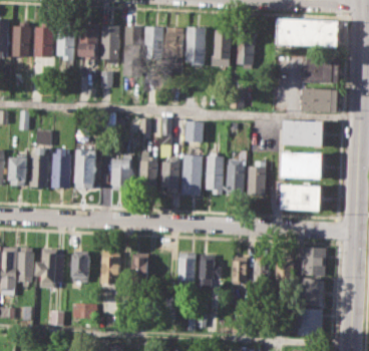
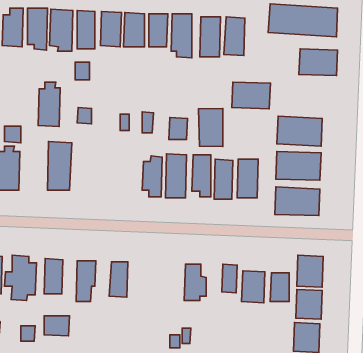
building: [302,88,337,112] -> [232,82,270,109]
building: none -> [198,109,223,146]
building: [51,147,71,188] -> [38,82,60,126]
building: [140,151,157,188] -> none
building: [111,154,130,189] -> none
building: [177,254,195,288] -> none

